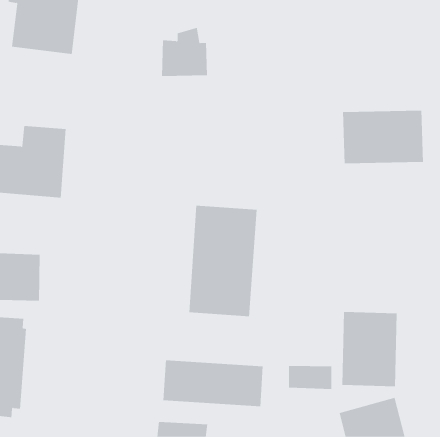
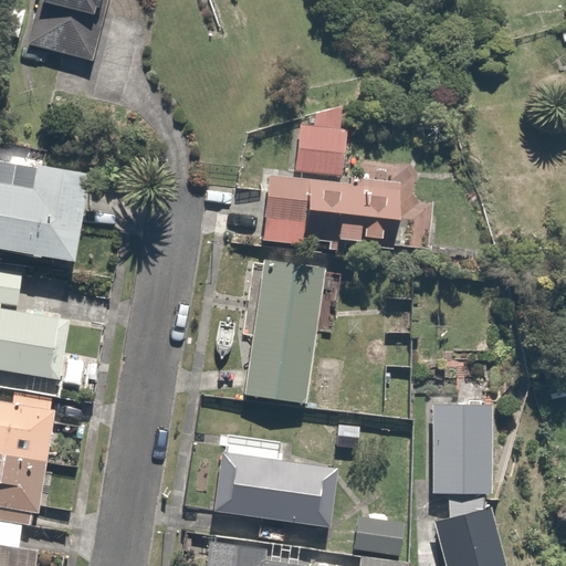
building: [161,27,208,76] -> [298,108,358,171]
building: [343,110,423,164] -> none
building: none -> [264,176,421,248]
building: [288,365,332,390] -> [350,516,407,547]

